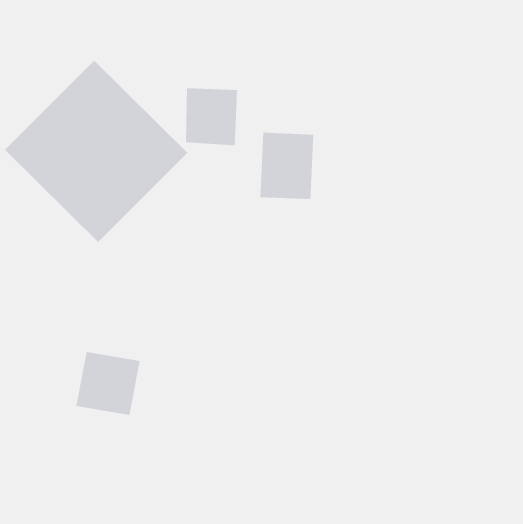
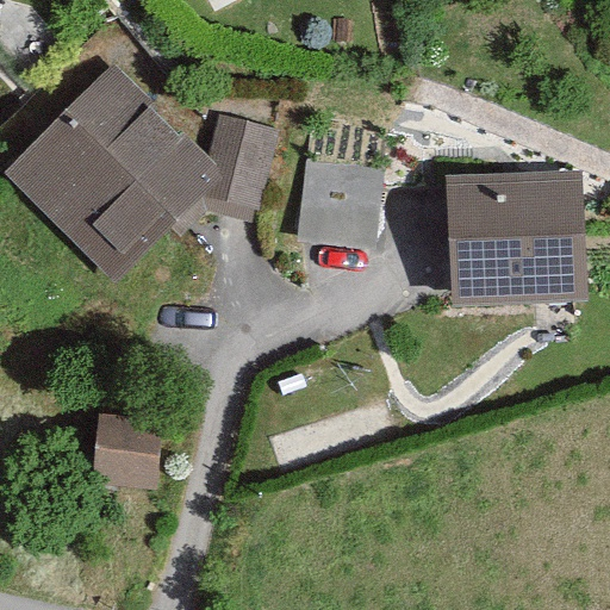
building: none -> [454,176,586,305]

